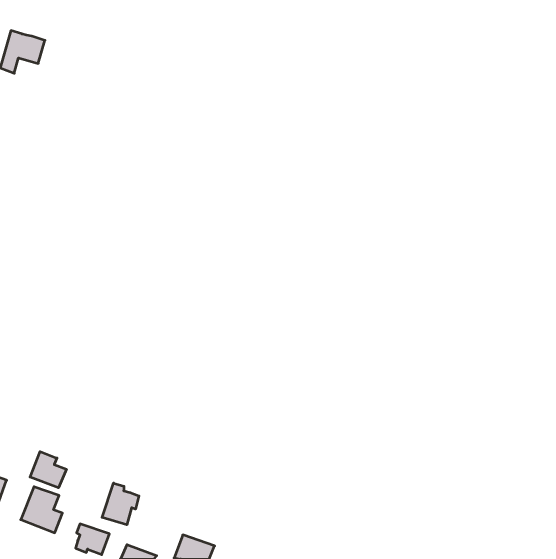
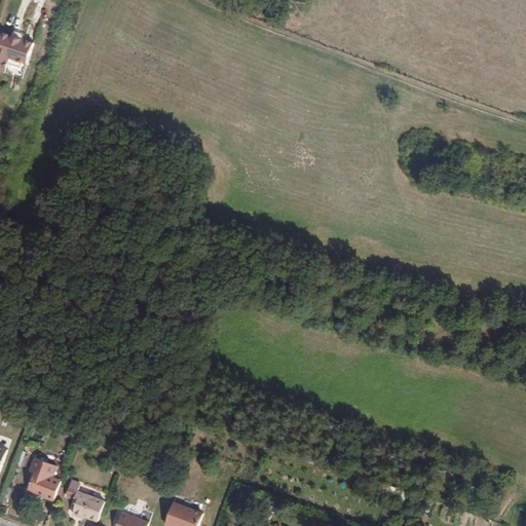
building: [30,452,66,488] -> none
building: [102,483,139,525] -> none

